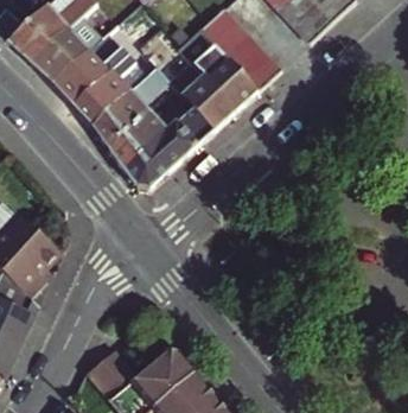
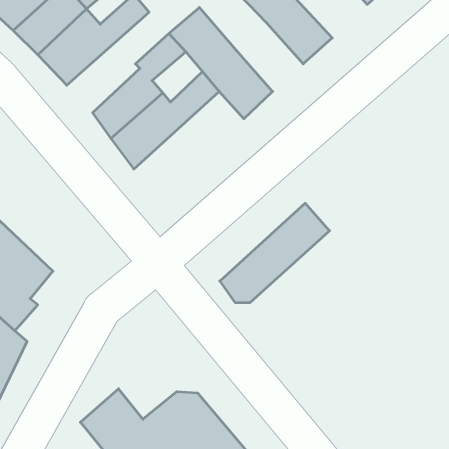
building: [71,49,151,127] -> none
building: [203,57,255,110] -> none
building: [123,110,209,188] -> [220,203,330,302]

